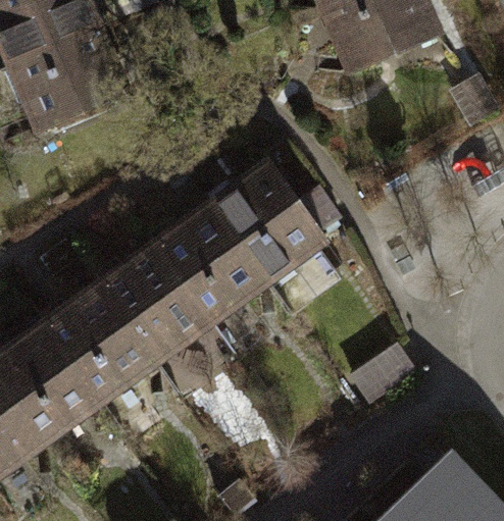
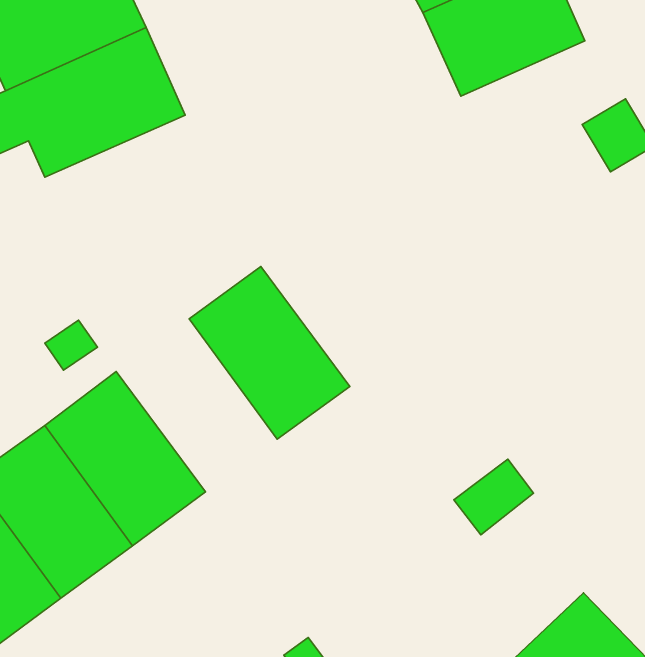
building: [201,164,340,295] -> none
building: [92,244,235,404] -> none

